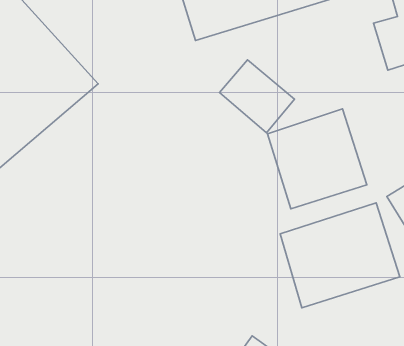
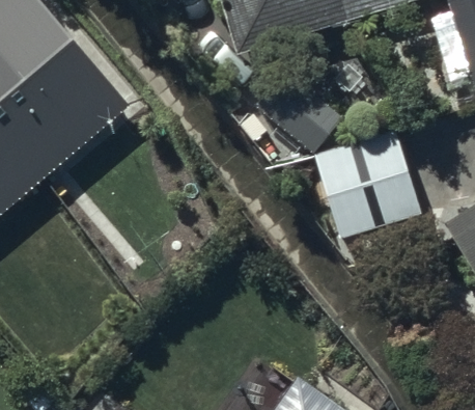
building: [280,203,400,308] -> none

